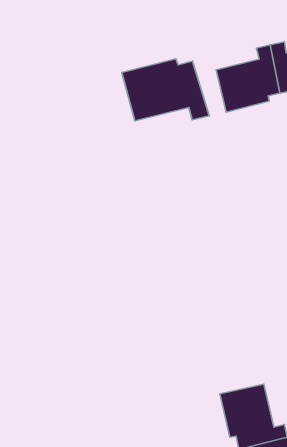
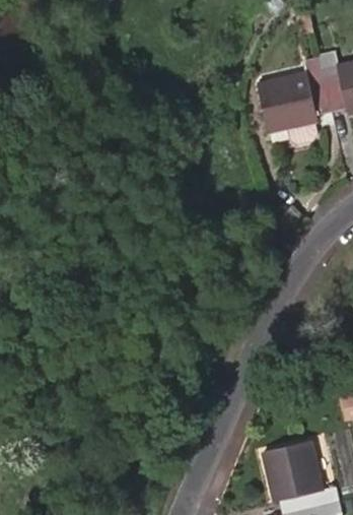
building: [122,59,209,121] -> none

